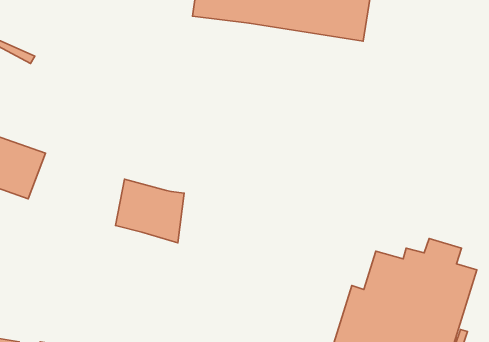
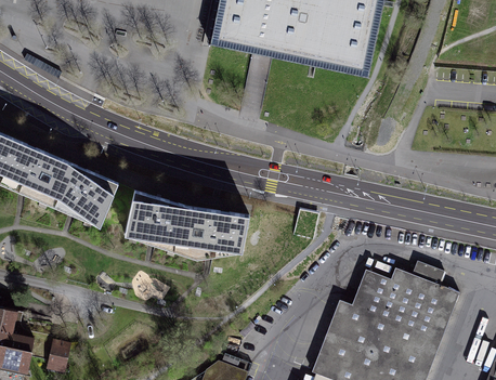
building: none -> [49,161,120,226]
building: none -> [184,206,250,255]

